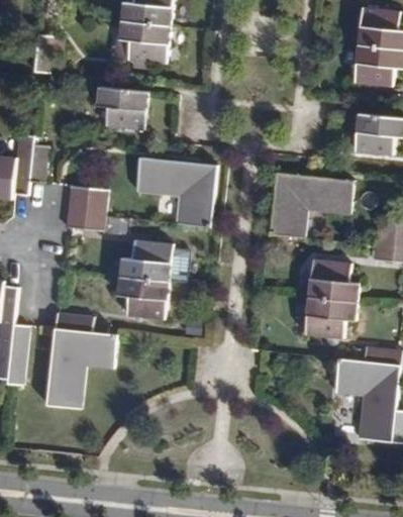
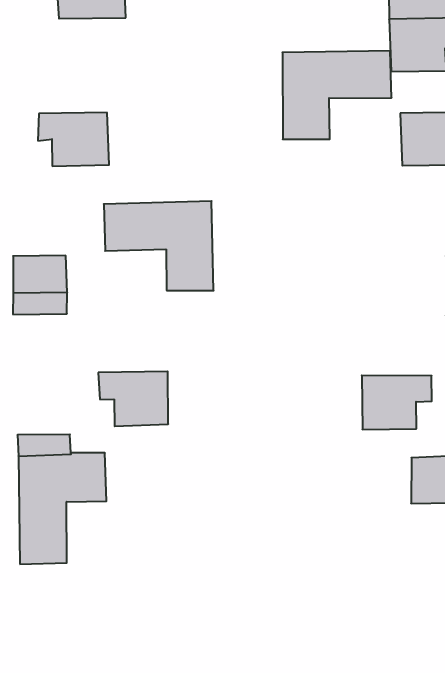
building: [116,19,170,62] -> none
building: [269,174,352,239] -> [282,51,392,139]
building: [120,238,173,279] -> none
building: [307,261,358,304] -> none

